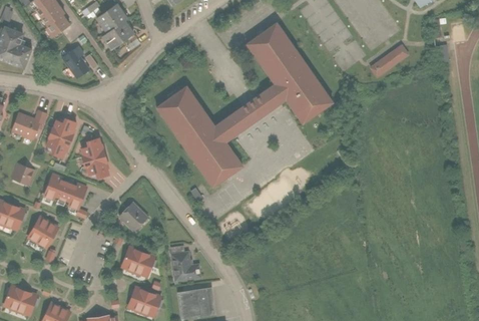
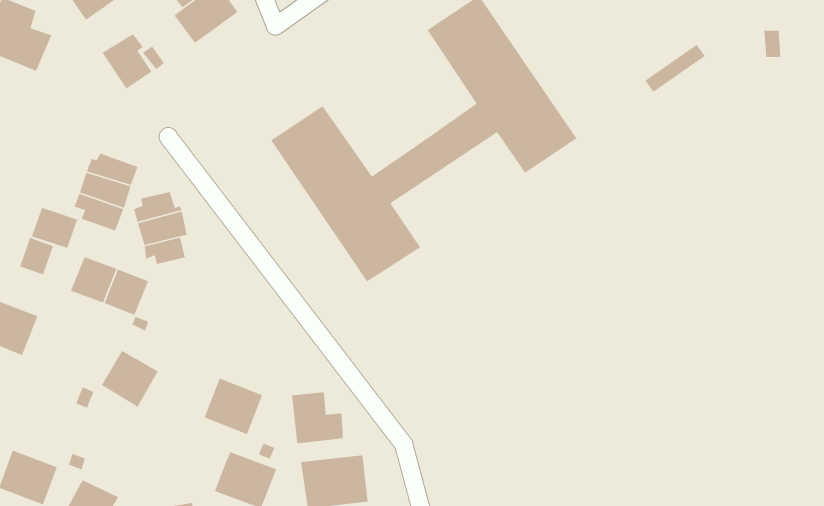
building: [13,110,40,134] -> [31,207,78,249]
building: [120,199,151,230] -> none
building: [27,214,60,247] -> [101,350,159,408]

